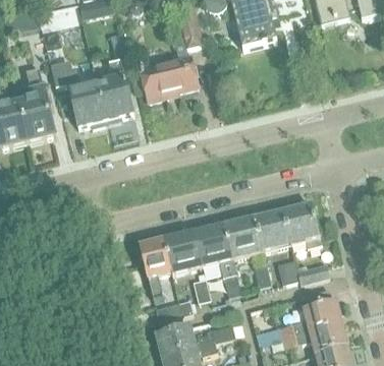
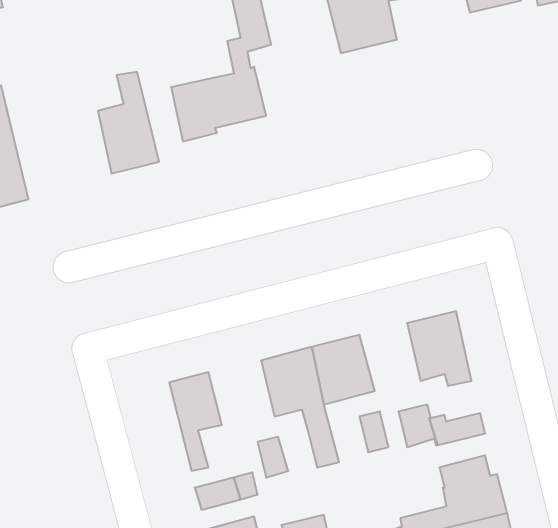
building: [50,61,105,128] -> none
building: [254,210,290,251] -> none
building: [163,233,203,273] -> none

